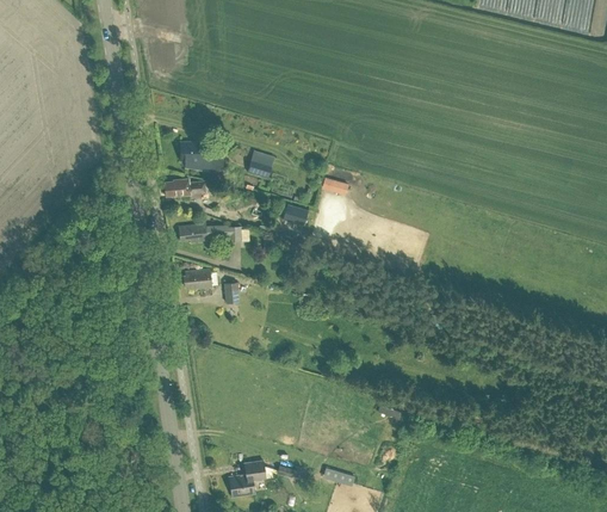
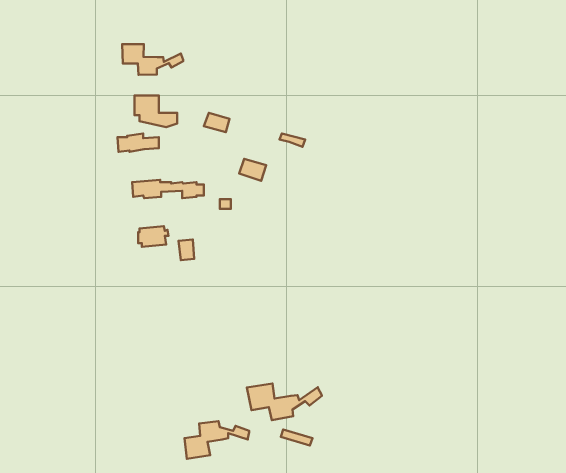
building: none -> [122,44,183,75]
building: none -> [247,384,322,420]

